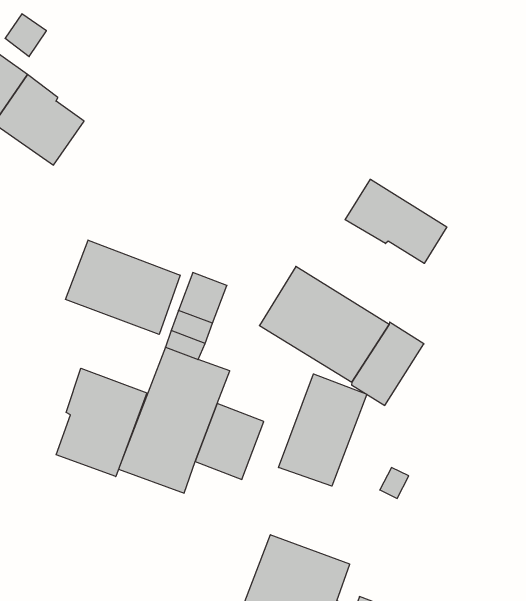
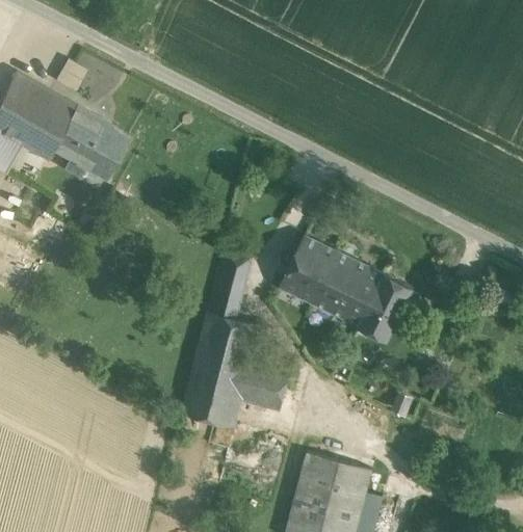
building: [345,179,447,263] -> none
building: [66,240,180,334] -> none
building: [56,368,147,477] -> none
building: [279,374,367,486] -> none

